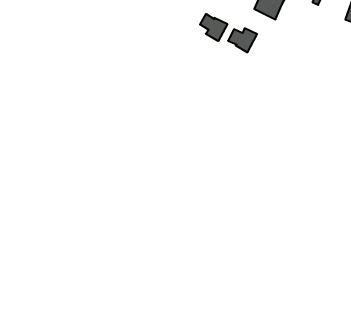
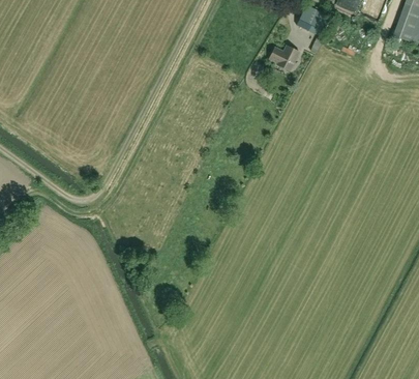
building: [200,14,227,41] -> none

